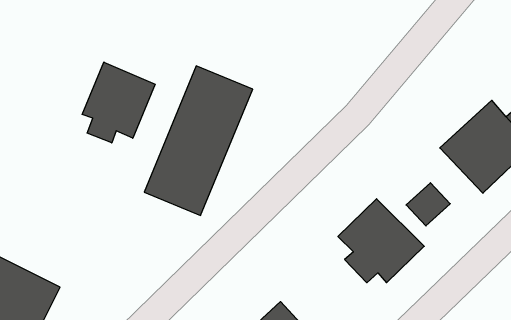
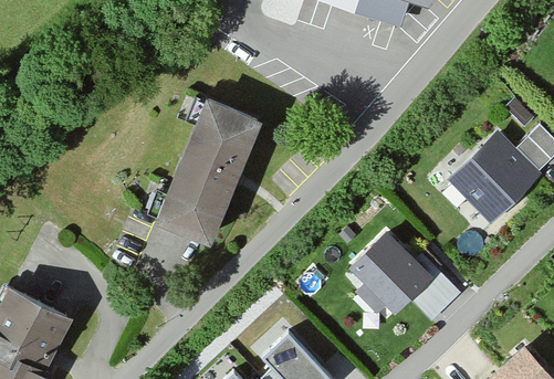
building: [82,62,155,143] -> none
building: [406,183,450,226] -> [412,275,457,318]

